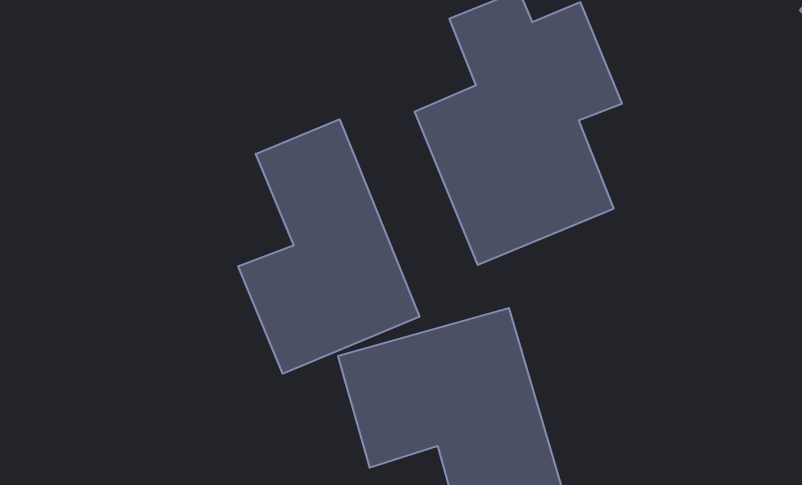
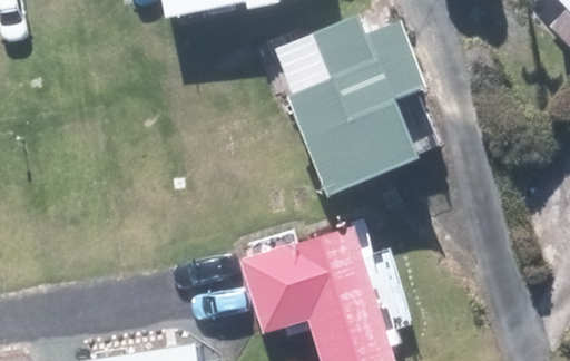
building: [238,119,419,374] -> none

